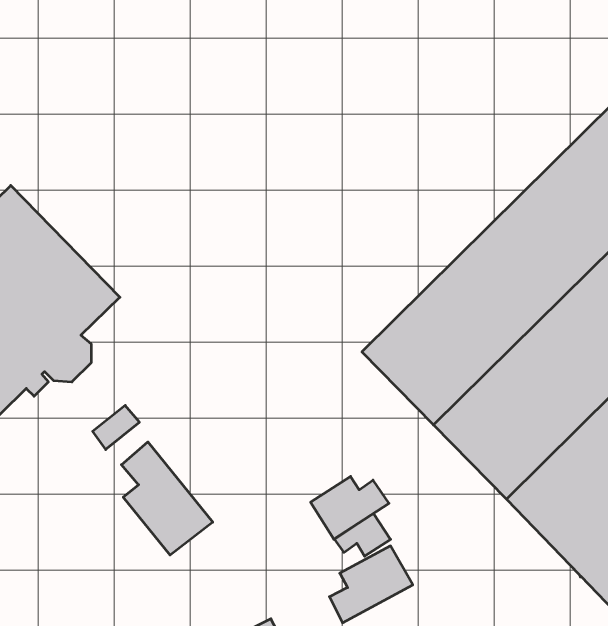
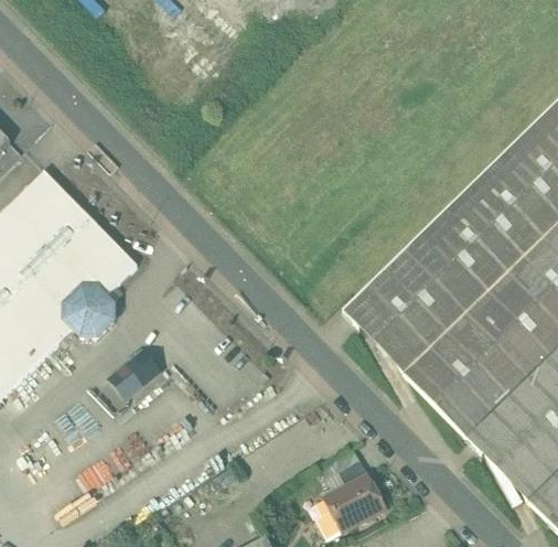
building: [121,442,213,555] -> none
building: [311,476,389,539] -> none

